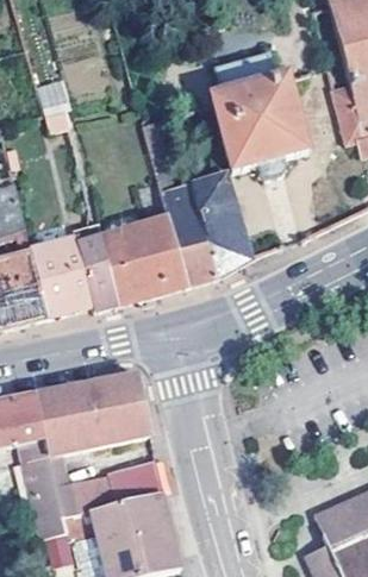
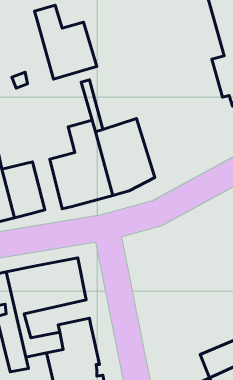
building: none -> [35,5,97,79]
building: [211,51,308,180] -> none
building: [70,221,117,312] -> none

